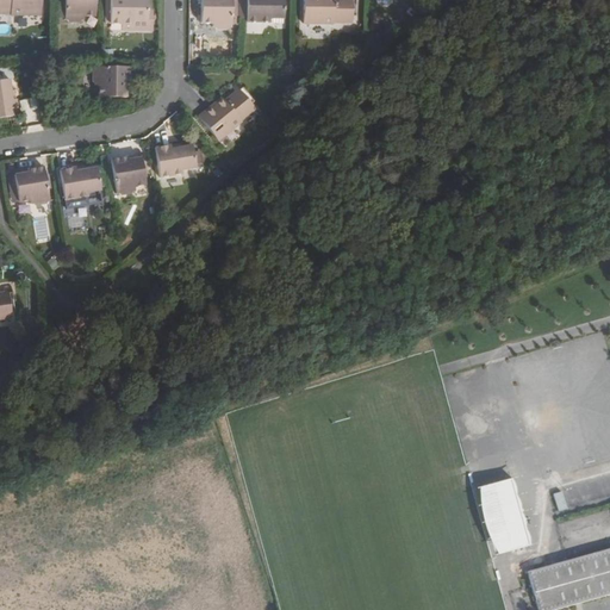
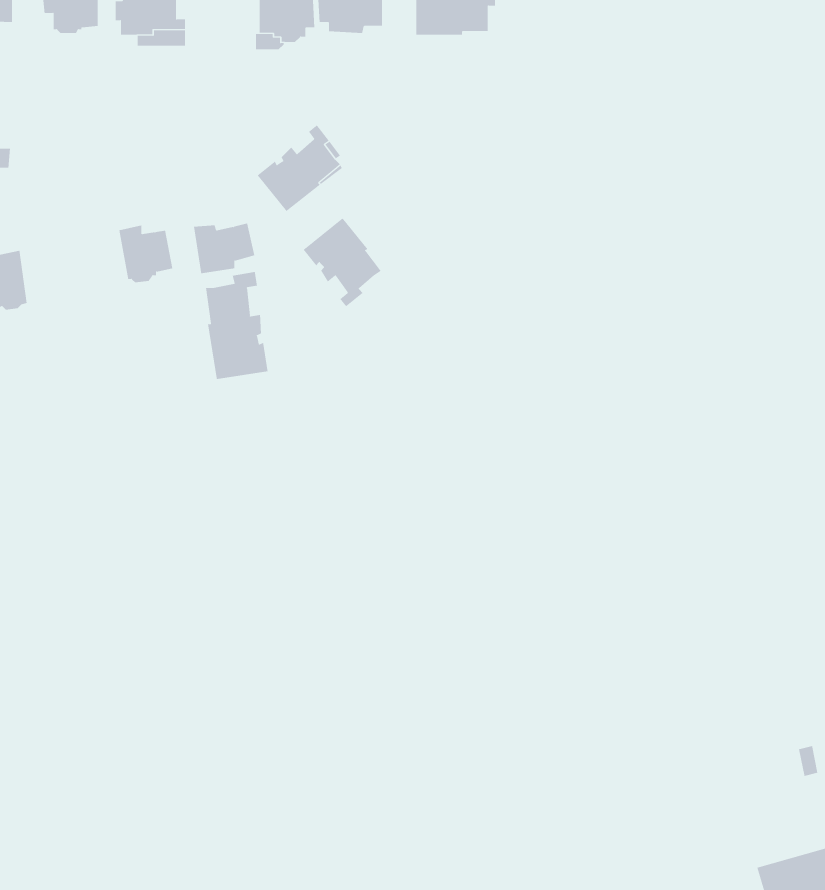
building: [94,66,132,97] -> none
building: none -> [303,218,382,307]
building: [61,167,100,200] -> none
building: none -> [205,271,268,380]
building: [478,475,530,552] -> none

